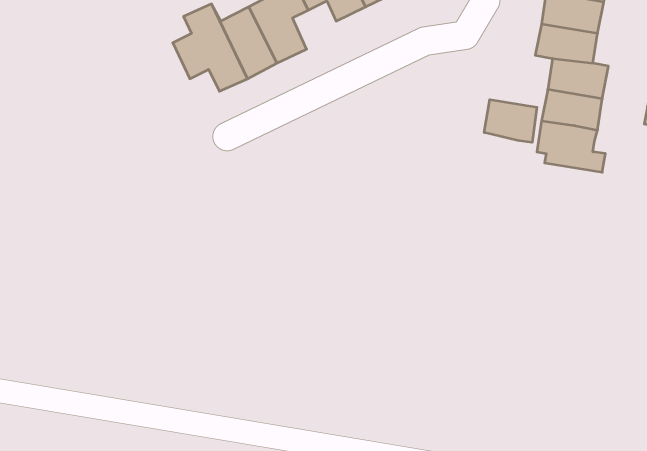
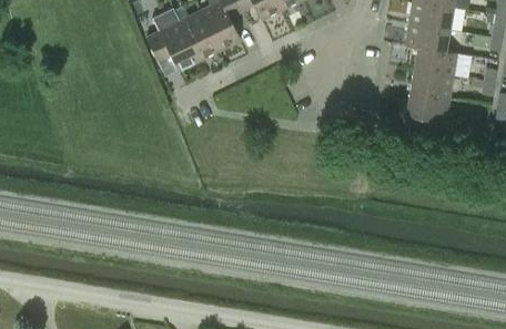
building: [484,100,537,142] -> none

